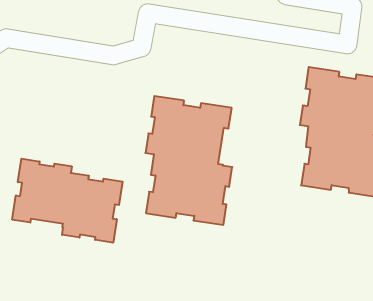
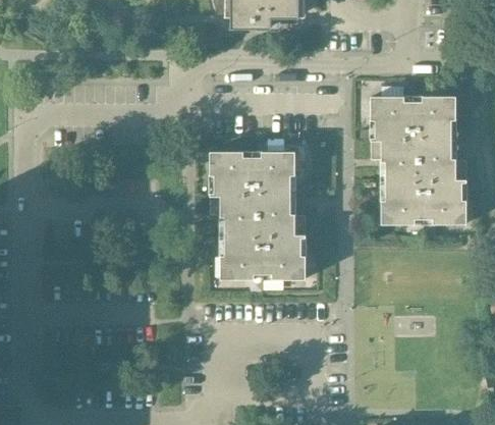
building: [12,159,123,243] -> none

